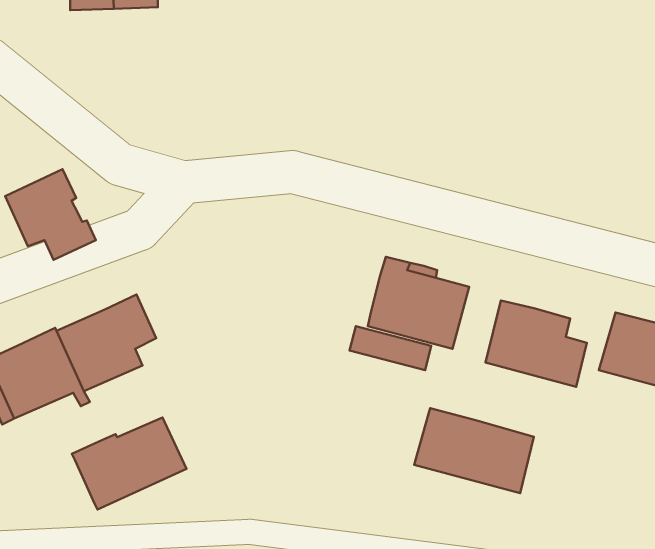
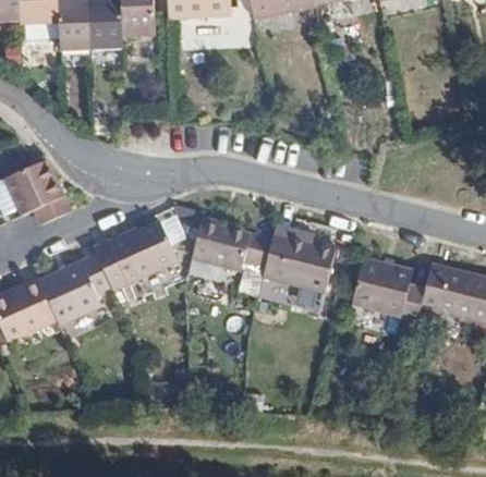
building: none -> [201,220,280,273]
building: [414,408,534,493] -> none
building: [72,417,187,510] -> [102,224,185,291]

